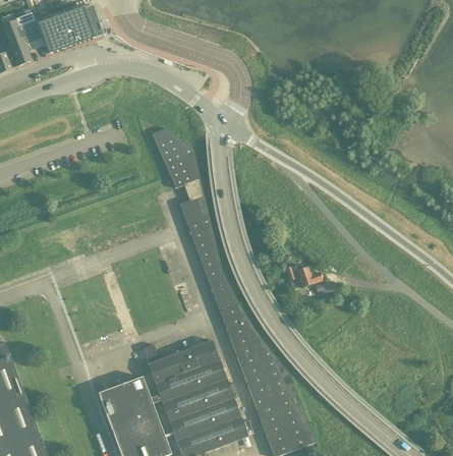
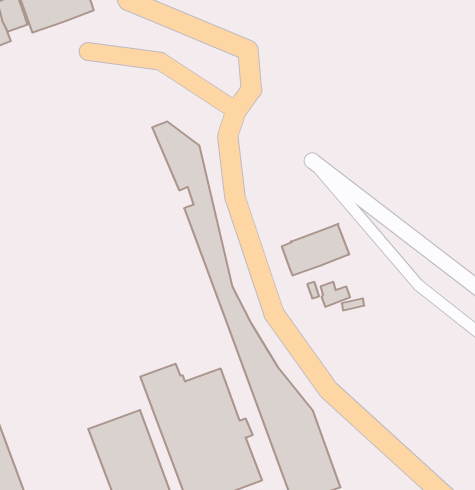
building: none -> [282,224,349,276]

